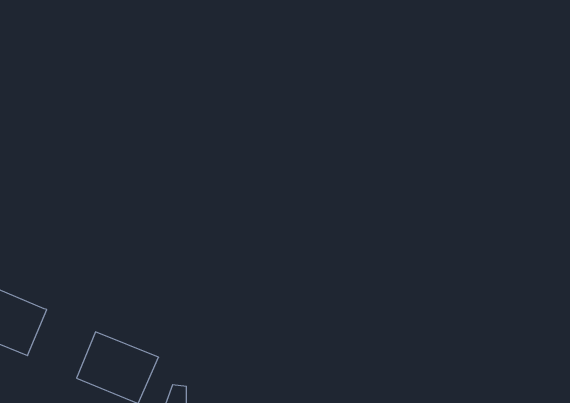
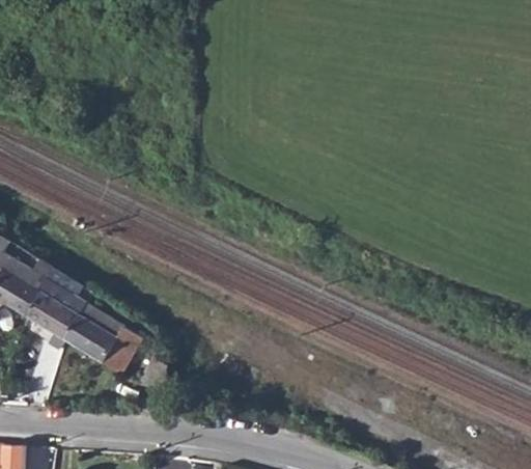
building: none -> [29,280,89,341]

